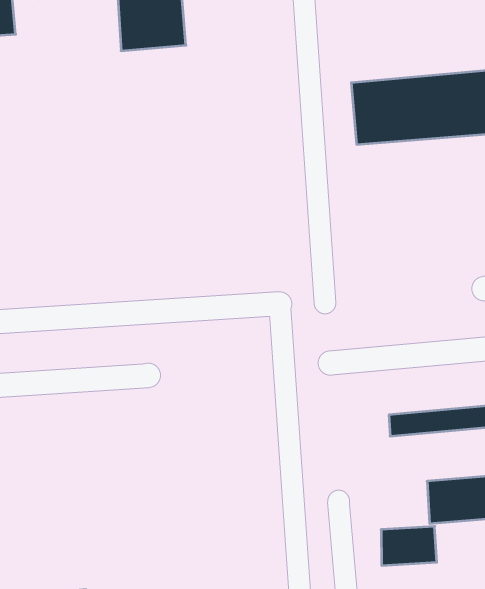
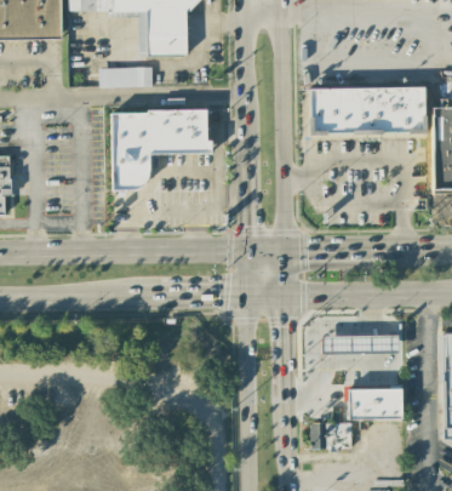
building: none -> [101,67,154,87]
building: none -> [111,109,213,189]

